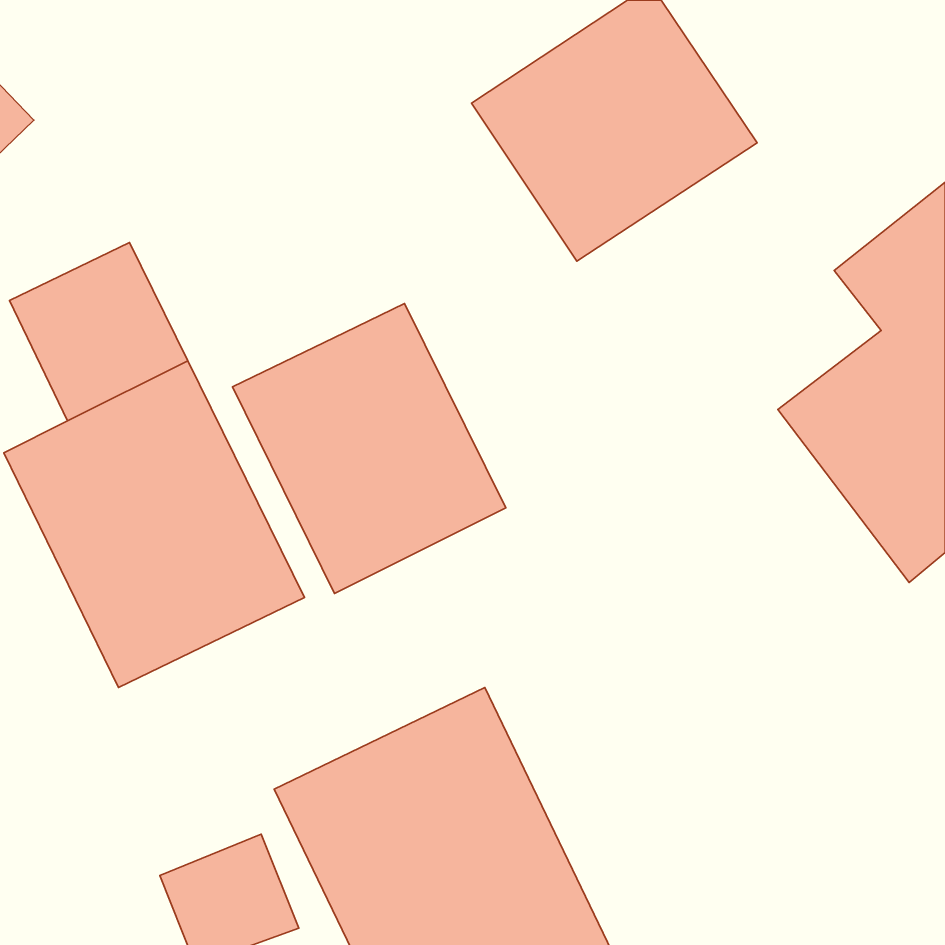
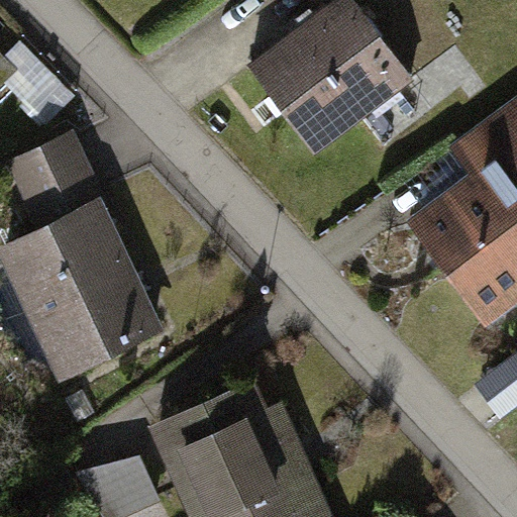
building: [233,304,506,594] -> none

